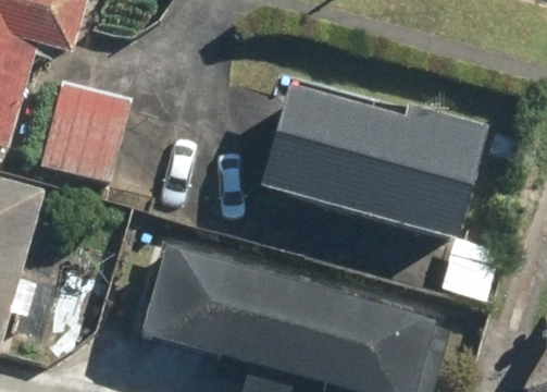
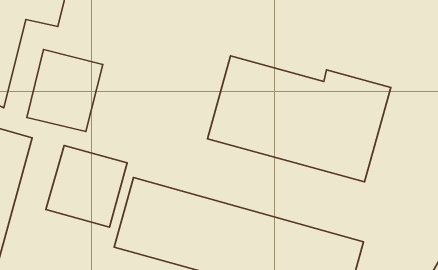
building: none -> [46,146,127,227]

